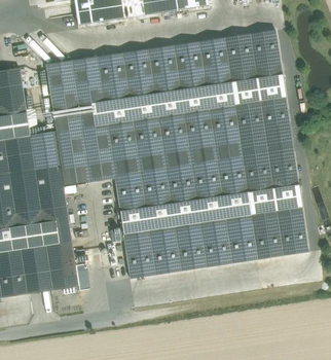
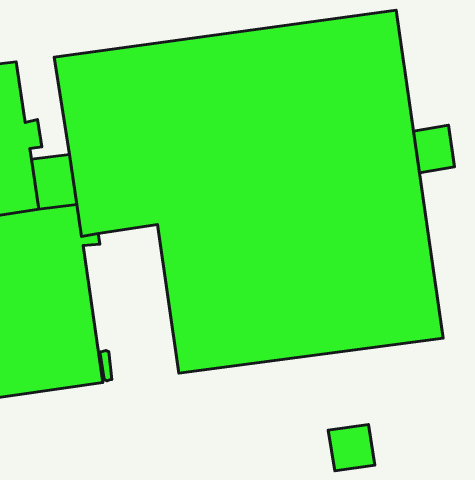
building: none -> [414,125,454,173]
building: none -> [328,425,375,471]

